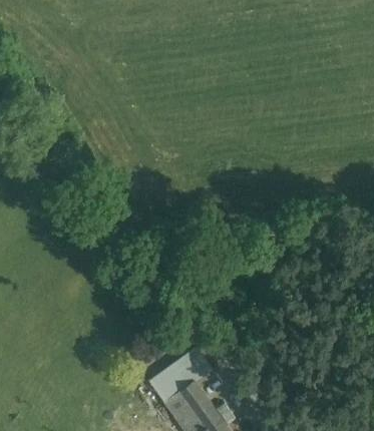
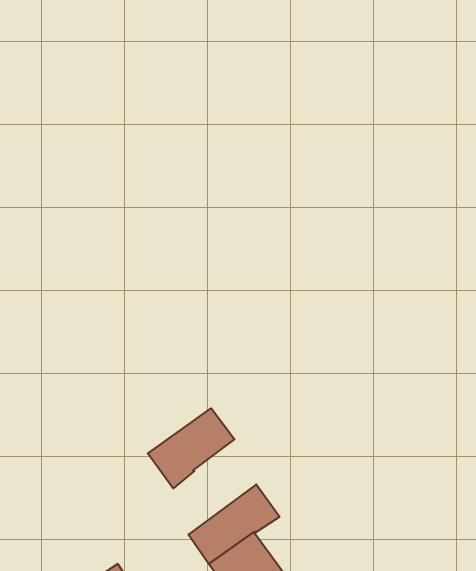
building: none -> [148,408,235,488]

